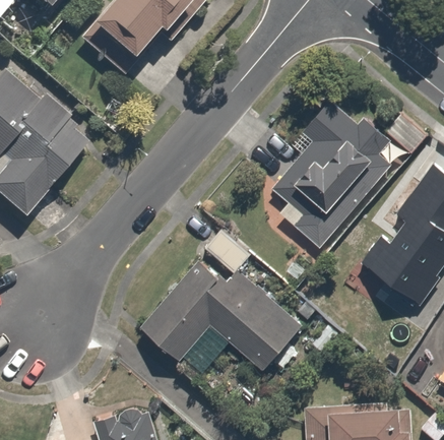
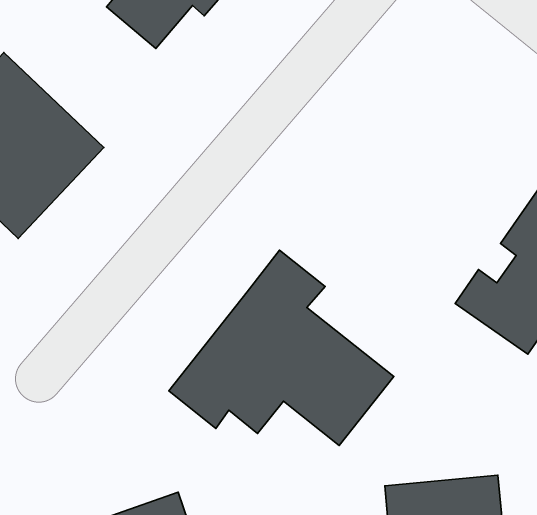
building: [271,88,410,253] -> none

